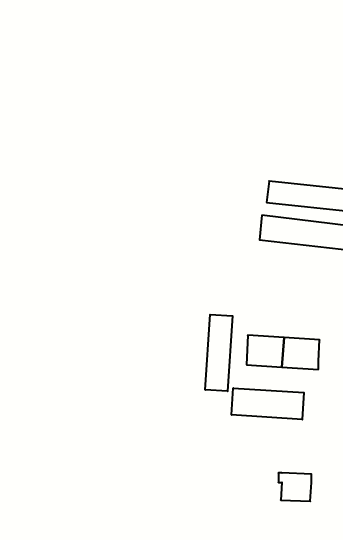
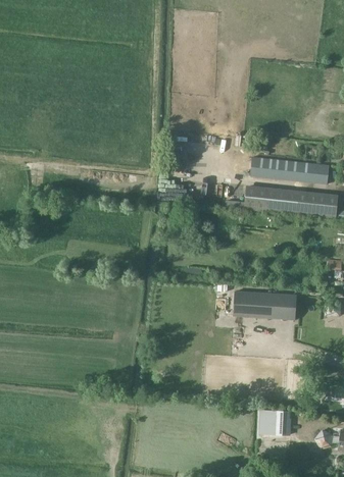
building: [205,315,233,391] -> none
building: [232,388,304,420] -> none

